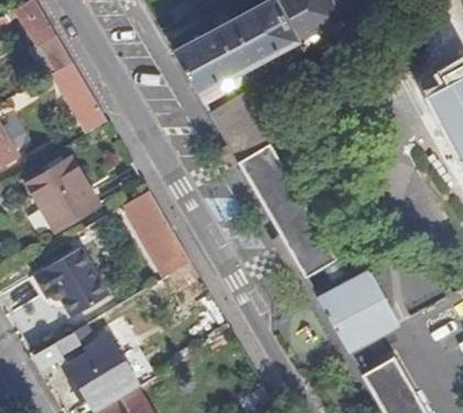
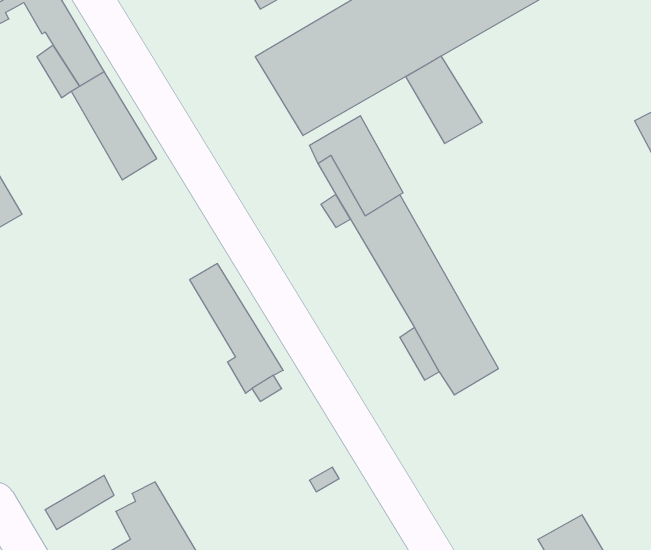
building: none -> [406,56,482,144]
building: [26,158,98,230] -> none
building: [33,247,108,316] -> none
building: [319,271,398,350] -> none

